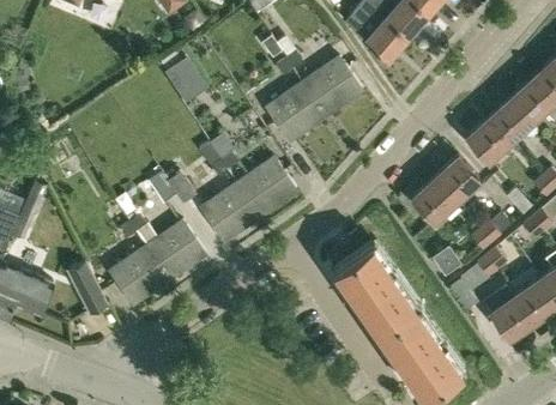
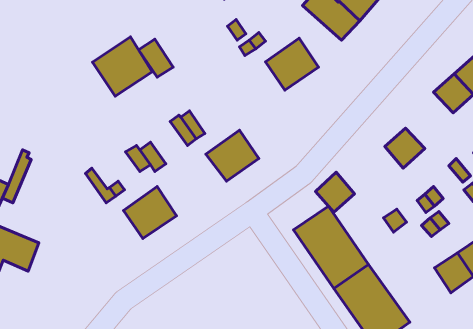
building: none -> [93,37,152,96]
building: [266,83,325,139] -> none
building: [466,116,510,159] -> none
building: [412,176,455,220] -> [315,172,354,212]
building: [201,185,260,241] -> none
building: [110,247,168,303] -> none
building: [67,261,107,313] -> none

